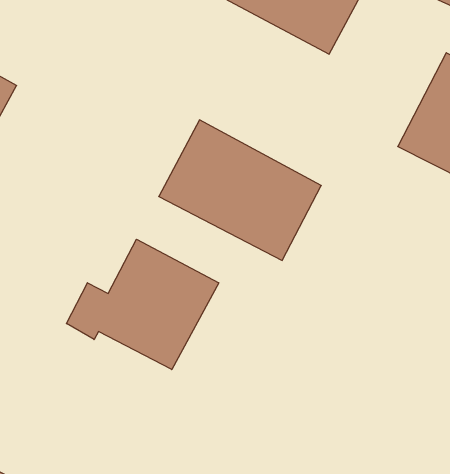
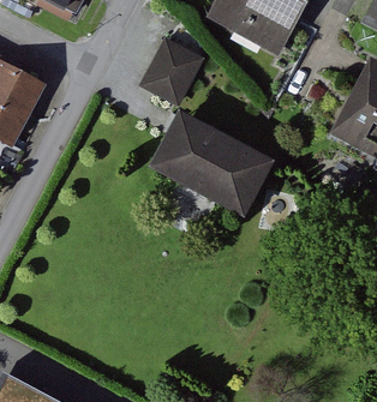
building: none -> [142,35,208,106]
building: [66,239,219,370] -> none

